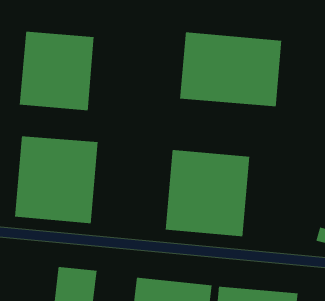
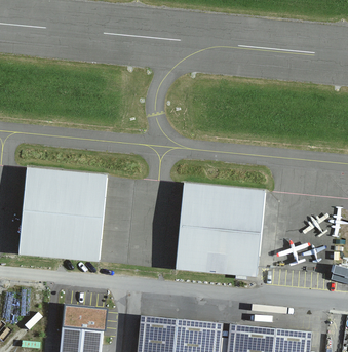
building: [19,31,94,111] -> none
building: [180,31,282,107] -> none

